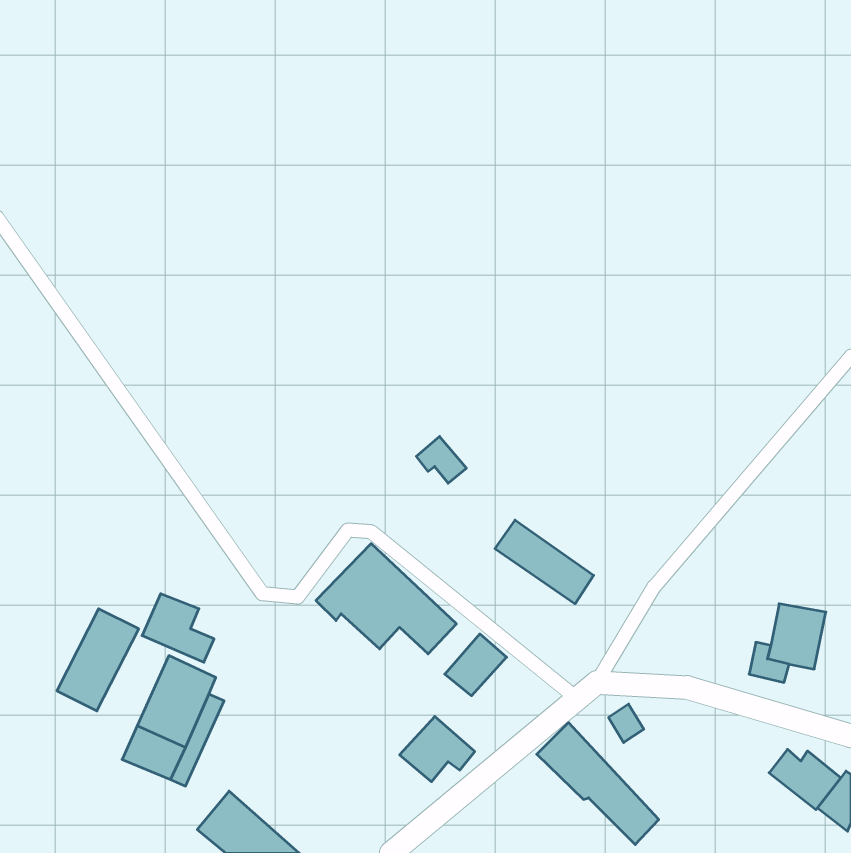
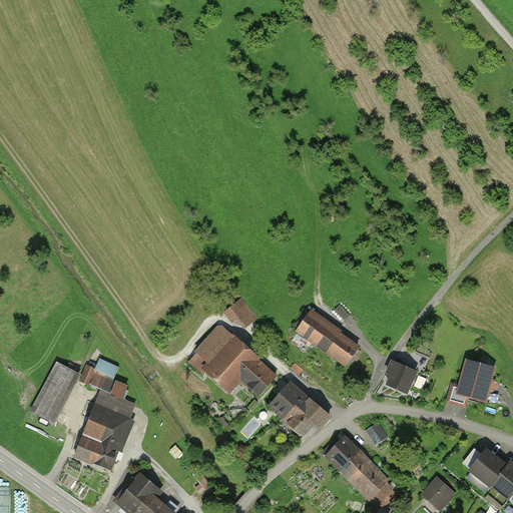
building: [416,436,466,483] -> [224,298,254,326]
building: none -> [386,363,423,395]
building: [400,716,475,782] -> [283,394,328,433]
building: none -> [424,479,451,506]

